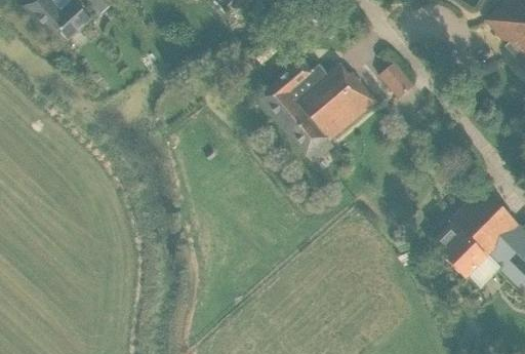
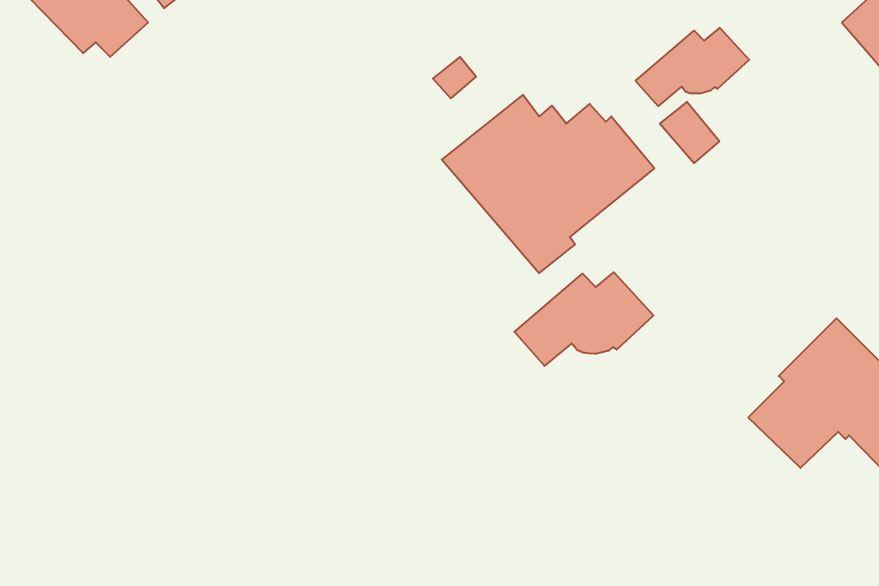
building: none -> [636,28,749,106]
building: none -> [514,272,653,366]

